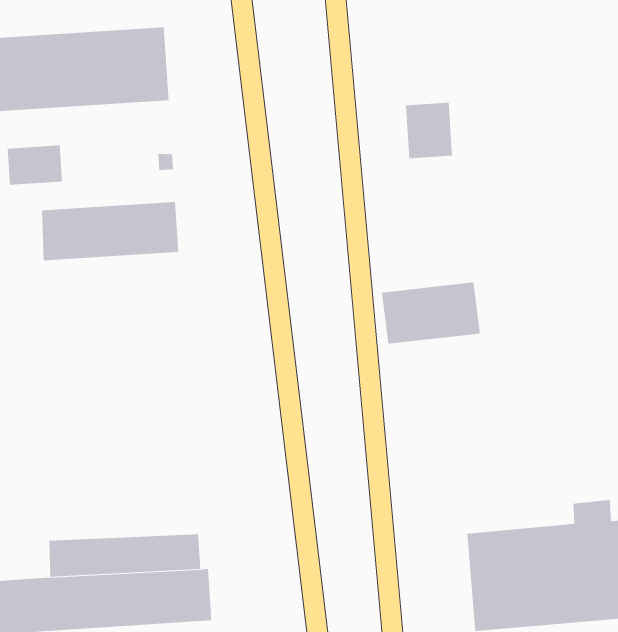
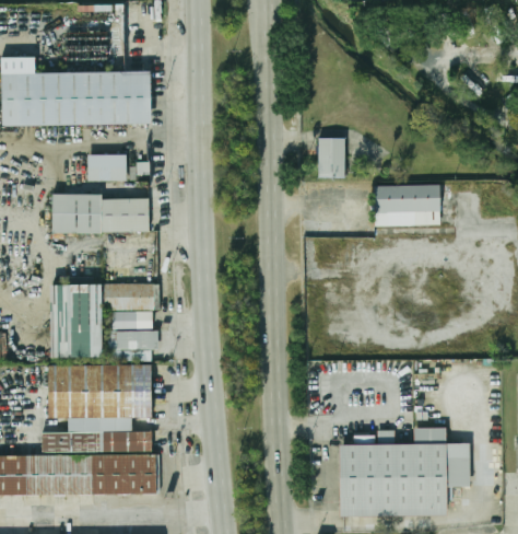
building: [7,145,63,185] -> [87,154,126,181]
building: [381,282,481,344] -> [374,185,443,225]
building: none -> [54,283,156,360]
building: none -> [48,365,151,417]

